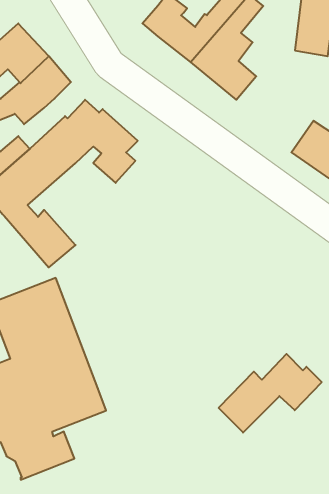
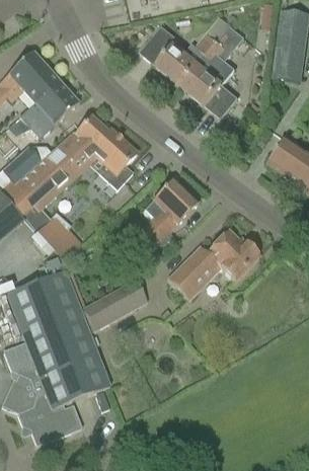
building: none -> [139,178,199,255]
building: none -> [81,278,148,331]
building: [219,354,322,433] -> [169,230,258,298]

